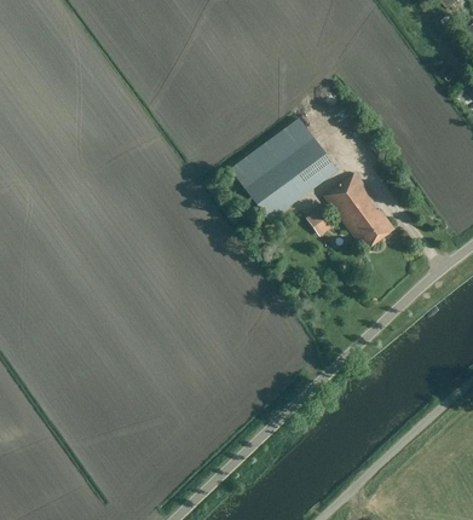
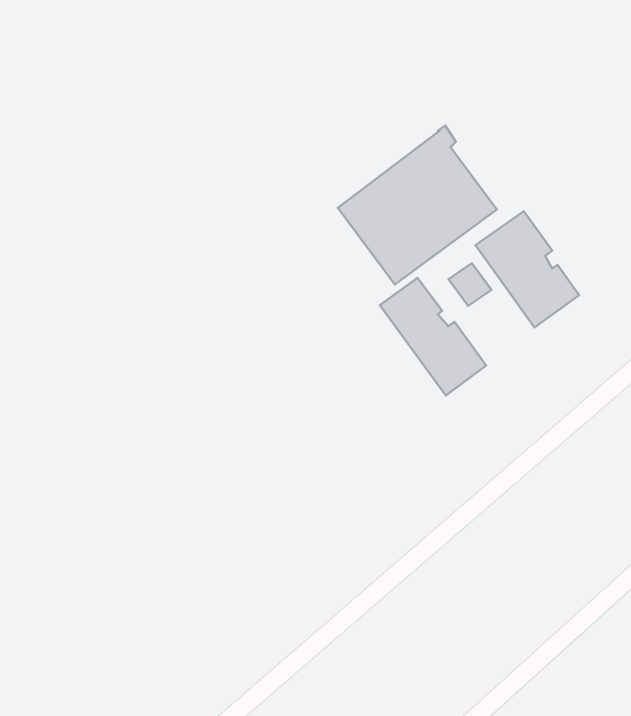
building: none -> [380,278,486,395]

